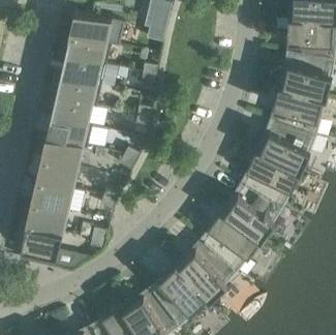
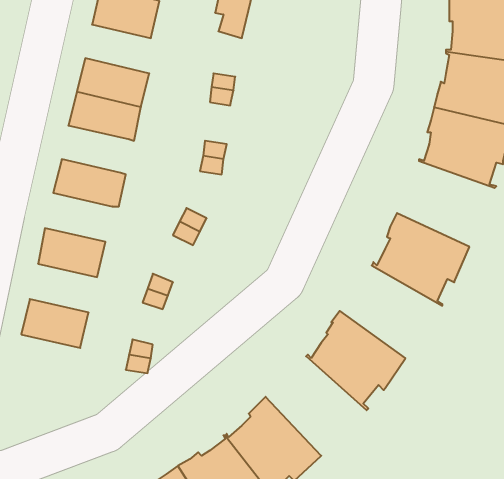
building: [64,36,108,66] -> none
building: [50,98,91,127] -> none
building: [255,120,315,173] -> none
building: [39,140,81,170] -> none
building: [30,183,71,213] -> none
building: [220,184,283,241] -> none
building: [20,226,61,261] -> none
building: [175,240,237,301] -> none

